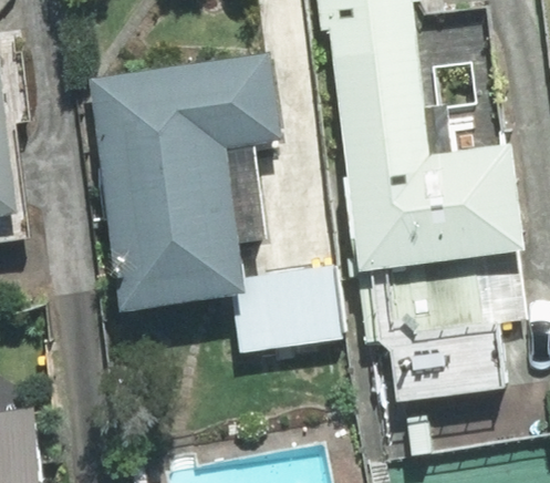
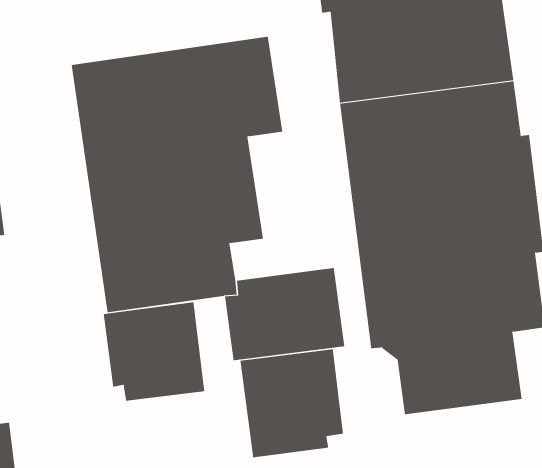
building: none -> [103,301,205,402]
building: none -> [240,348,344,458]

